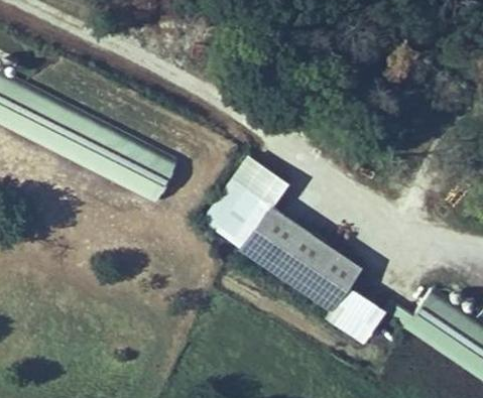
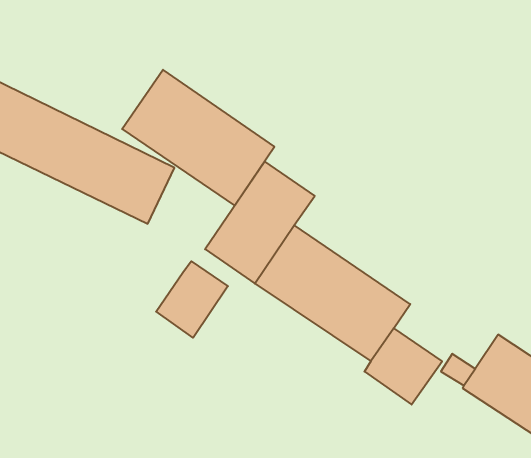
building: none -> [122,70,274,206]
building: none -> [156,261,228,338]

